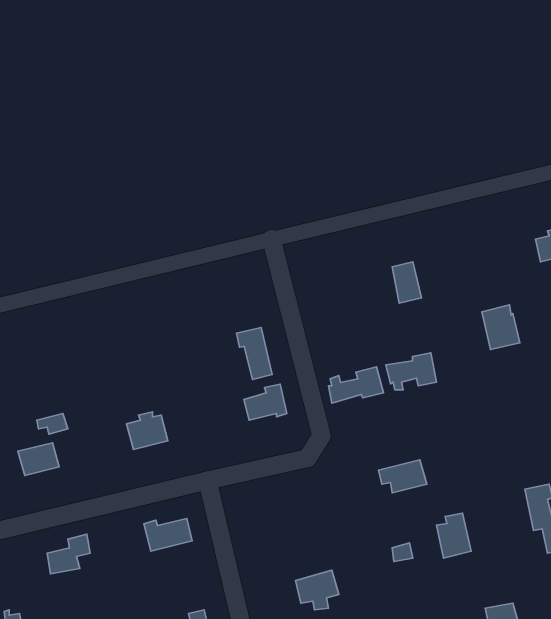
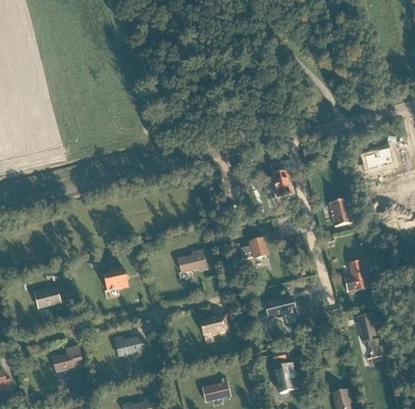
building: [237,327,272,380] -> none
building: [386,353,437,390] -> none
building: none -> [345,260,368,291]
building: none -> [199,314,230,335]
building: [437,513,471,558] -> [275,364,297,392]

